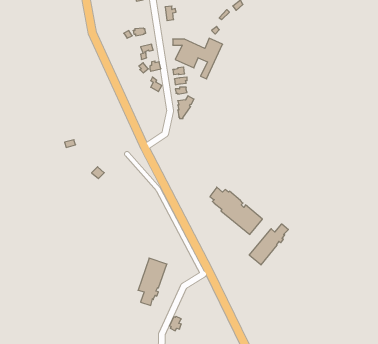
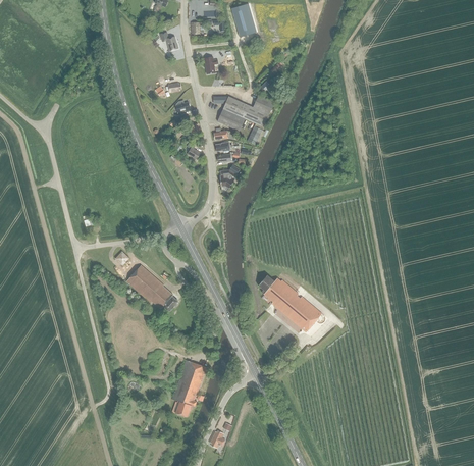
building: none -> [125,264,177,311]
building: [249,224,288,265] -> none

